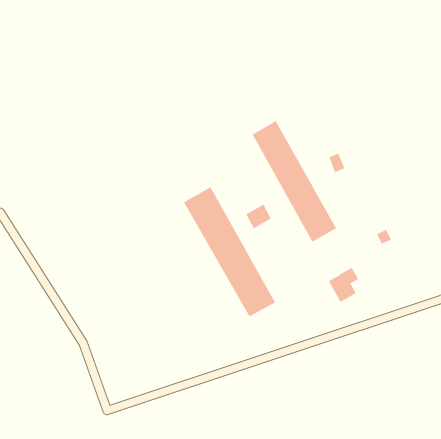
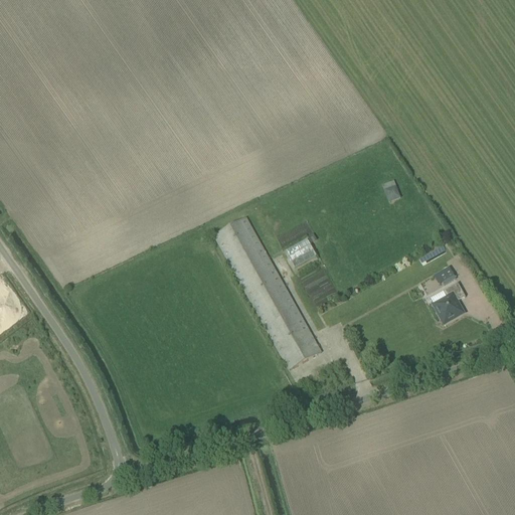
building: [252,120,337,242] -> none
building: [328,267,359,303] -> [431,282,467,323]

